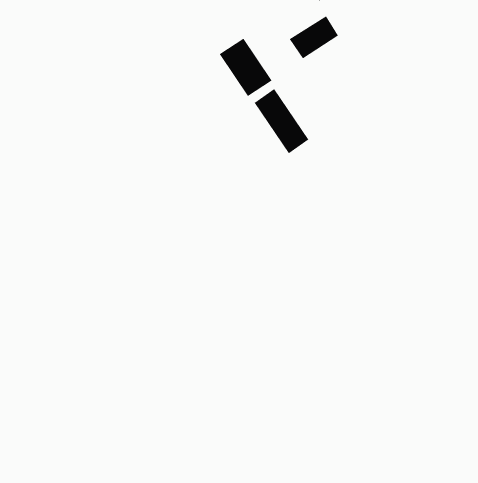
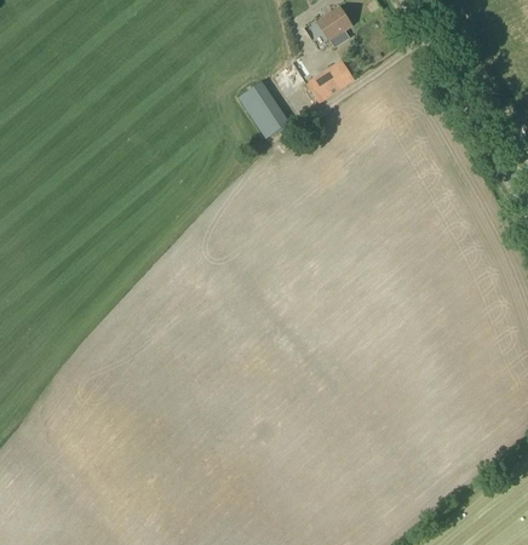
building: [254,88,309,154] -> none

